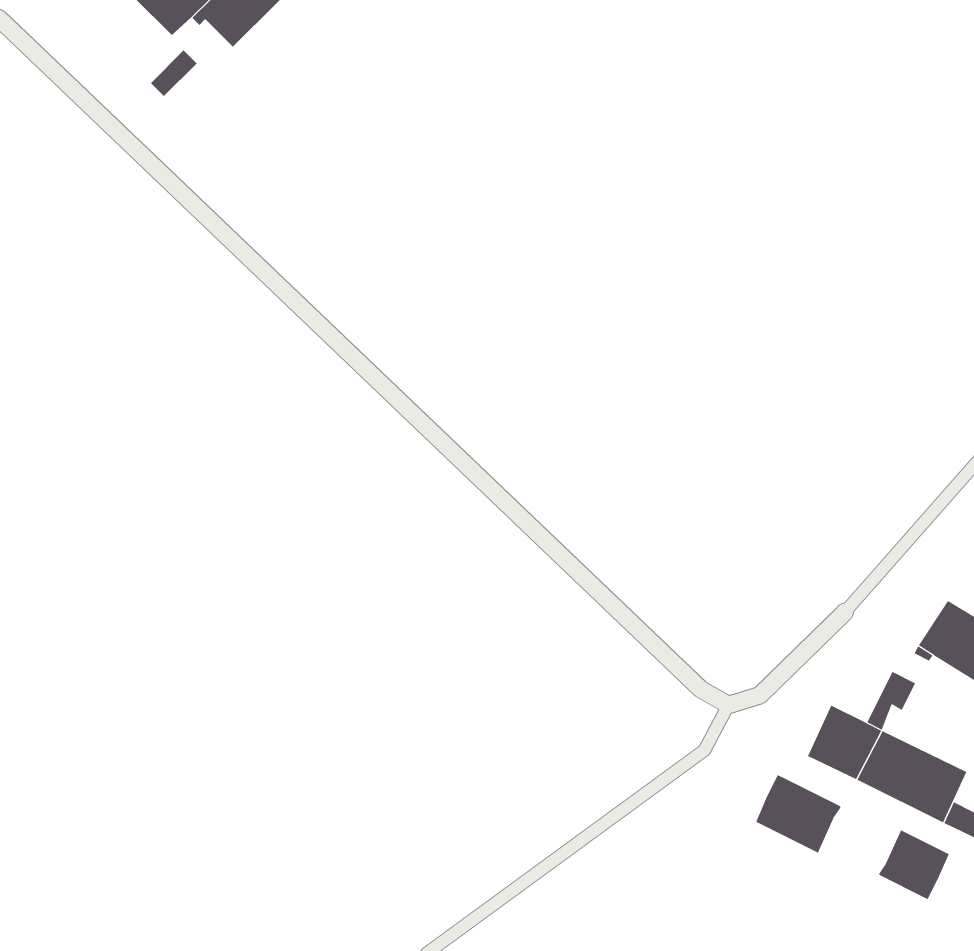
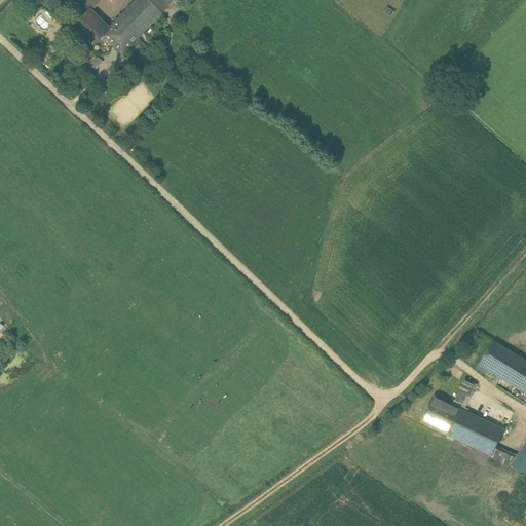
building: [756,774,841,853] -> none
building: [879,829,949,900] -> none

